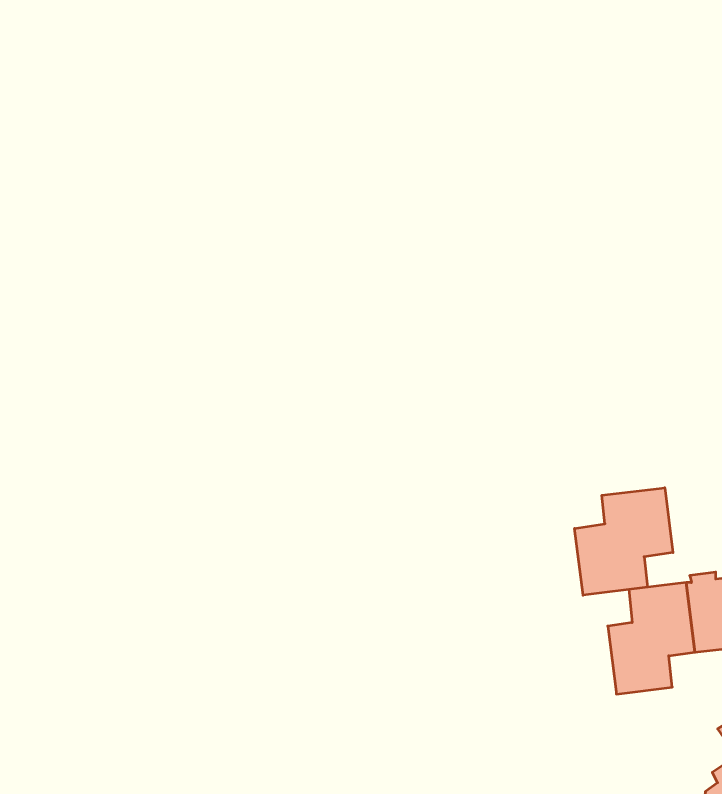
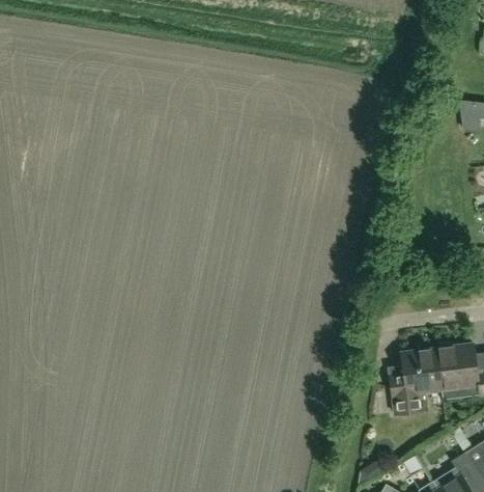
building: [575,488,673,595] -> none

